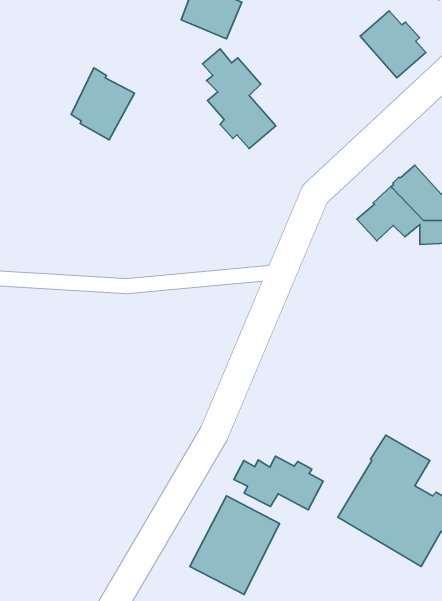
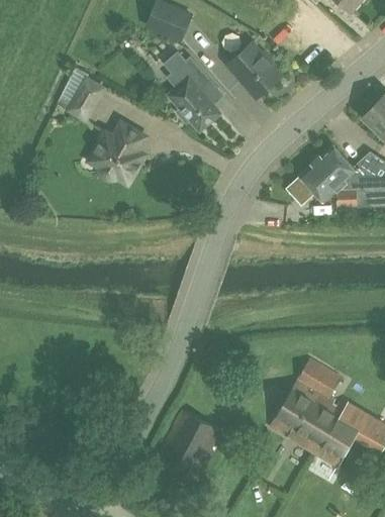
building: [360,11,426,78] -> [228,42,281,96]
building: none -> [92,120,147,183]
building: [234,456,323,510] -> none

